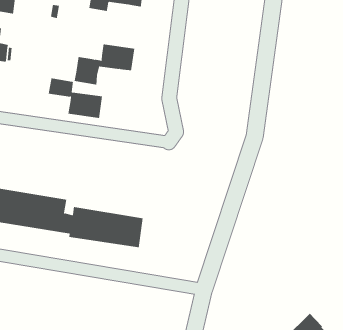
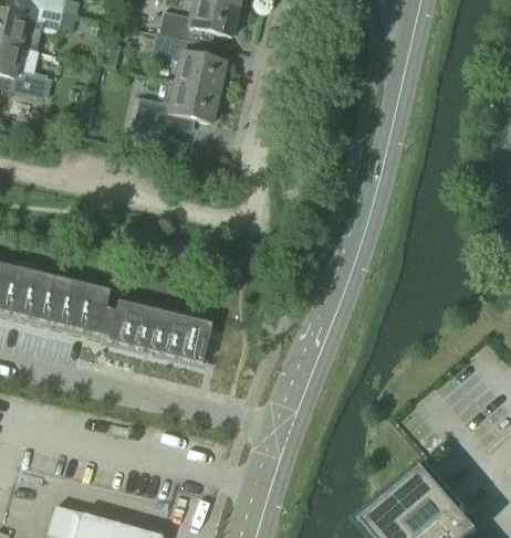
building: [48,77,103,118] -> [149,32,223,93]

